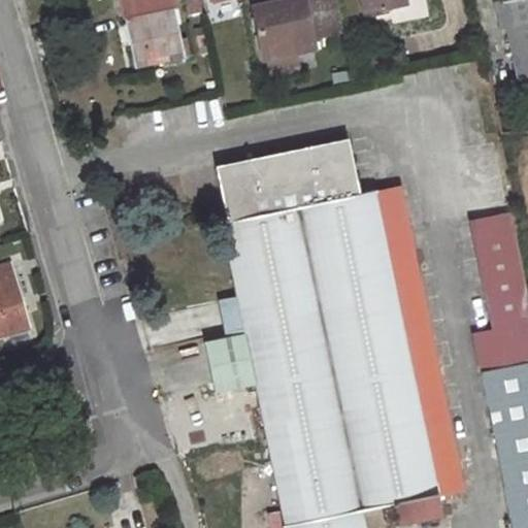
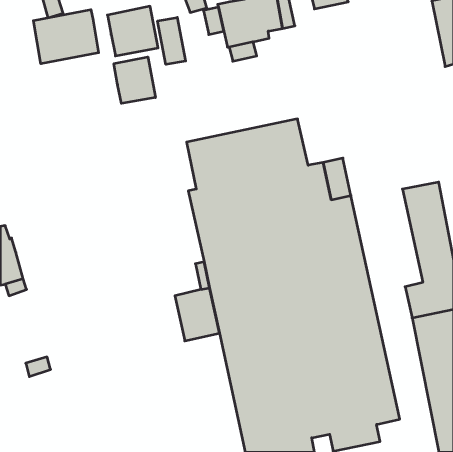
building: none -> [33,10,99,64]
building: none -> [158,17,186,64]
building: none -> [114,57,155,103]

